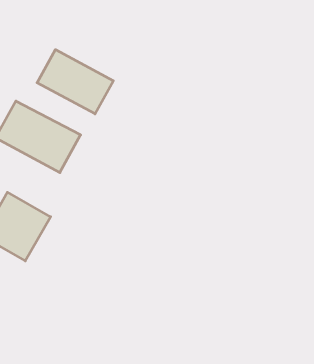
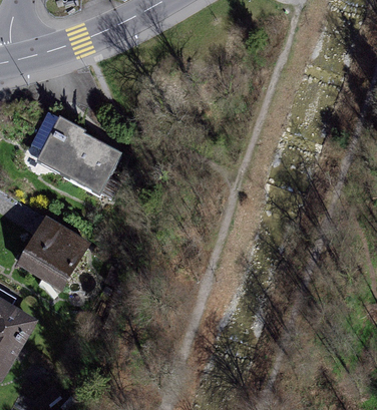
building: [37,50,113,114] -> none

